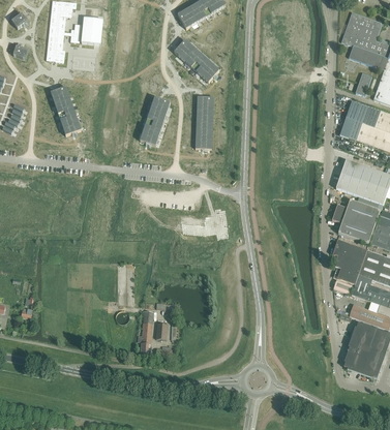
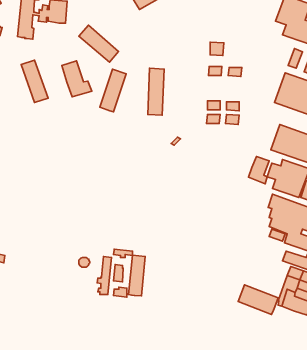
building: [173,39,218,82] -> [79,25,119,62]
building: none -> [62,61,92,97]
building: none -> [249,156,269,184]
building: none -> [128,255,145,296]
building: none -> [238,285,278,315]

